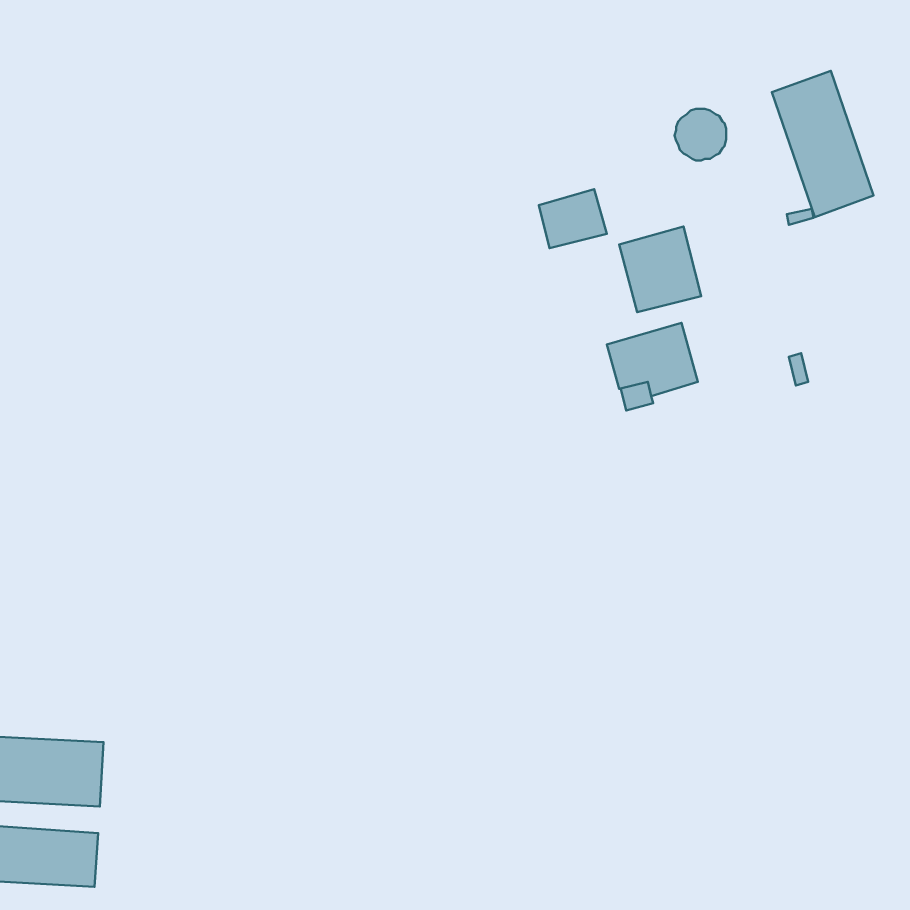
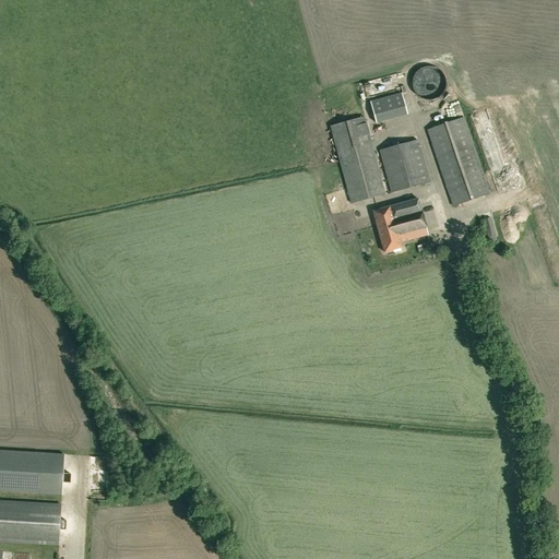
building: [772,71,874,217] -> [427,116,489,205]
building: none -> [369,92,406,122]
building: none -> [336,143,384,202]

